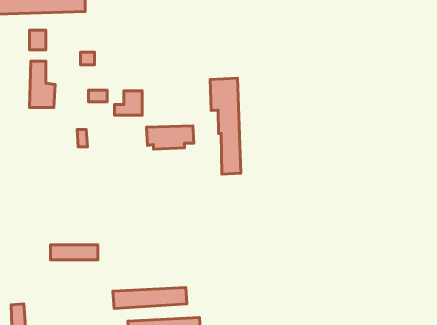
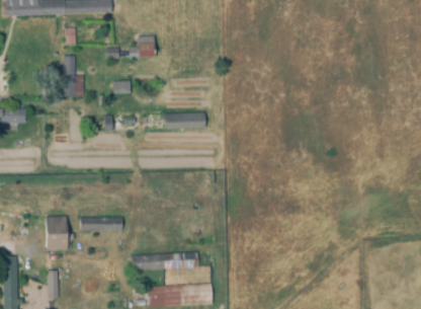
building: [210,78,241,174] -> none
building: [114,91,142,115] -> [130,35,154,57]
building: none -> [46,216,68,250]

